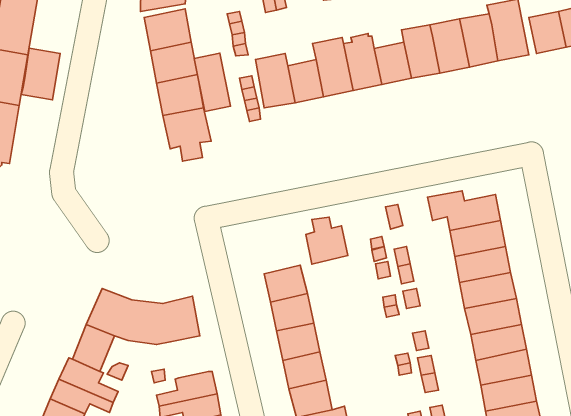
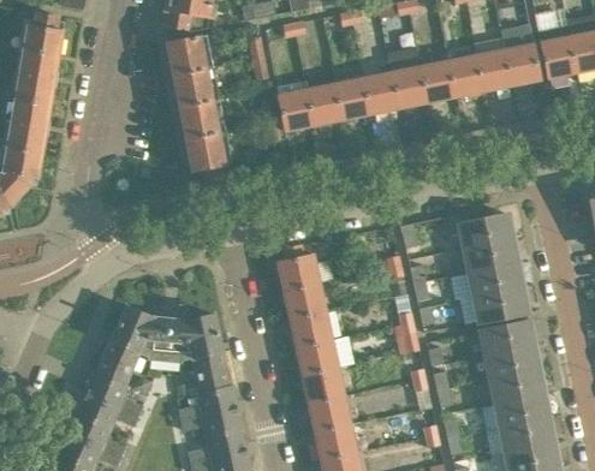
building: [21,48,60,100] -> none
building: [194,53,231,111] -> none
building: [306,217,348,264] -> [278,246,319,292]
building: none -> [192,352,230,393]

